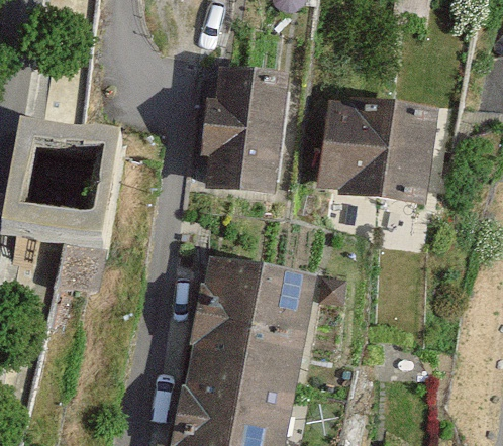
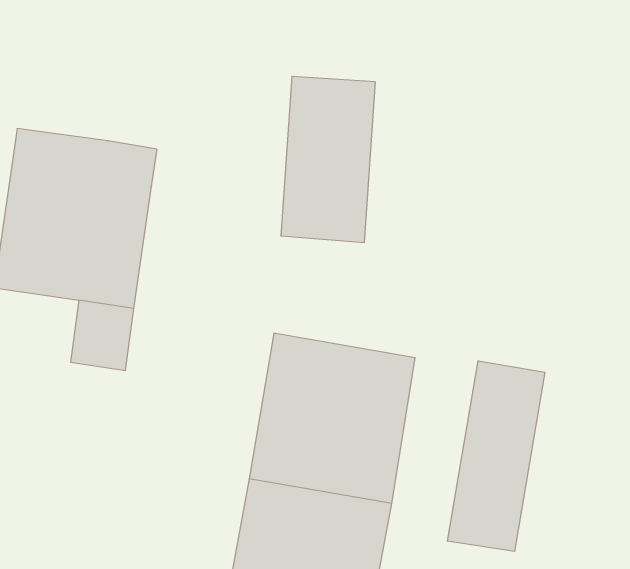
building: [319,102,431,200] -> none
building: none -> [448,361,545,551]

